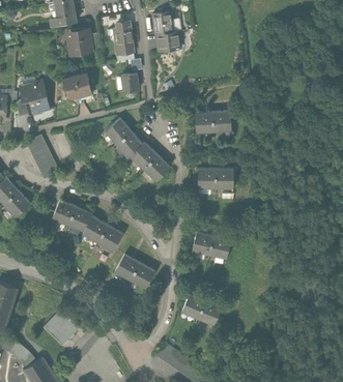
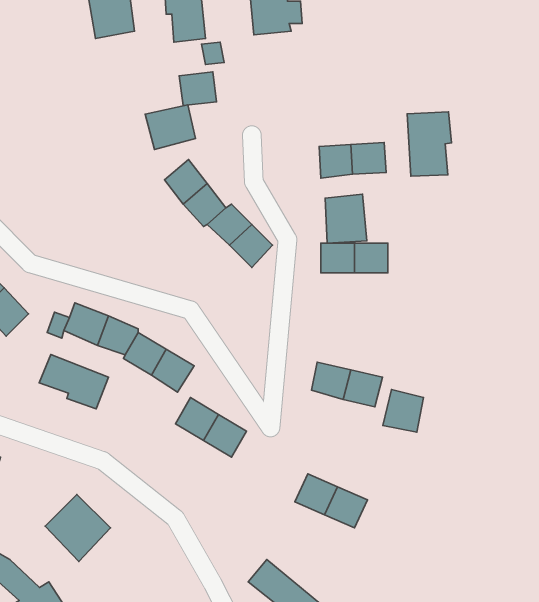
building: [61,71,89,96] -> [145,105,195,150]
building: [22,80,52,111] -> none
building: none -> [407,112,451,176]
building: [23,137,57,177] -> none
building: none -> [325,194,367,243]
building: none -> [39,355,109,409]
building: none -> [383,389,424,432]

